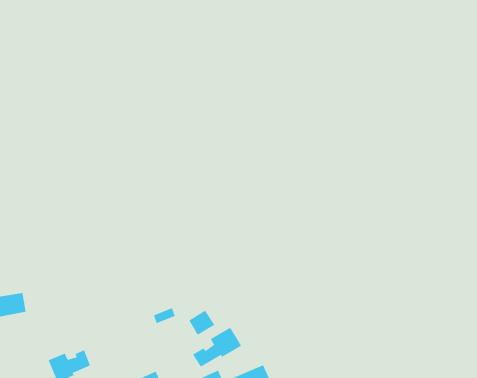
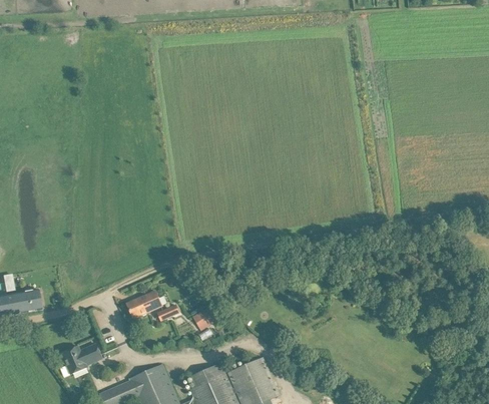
building: none -> [126,292,161,320]
building: [192,327,242,368] -> none

